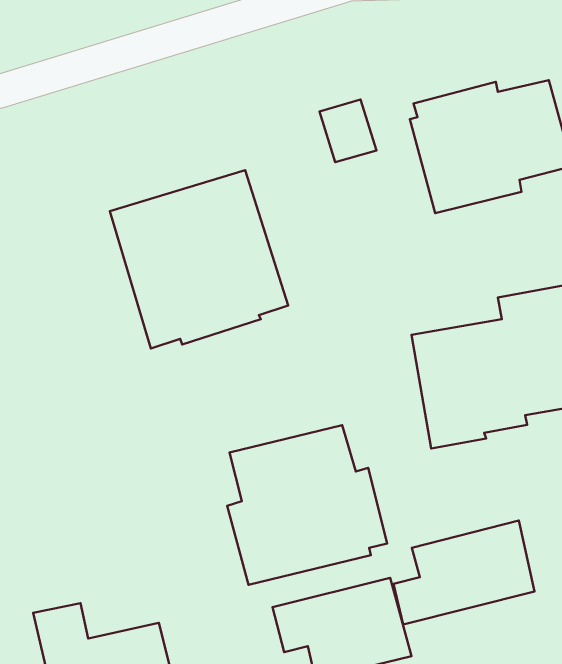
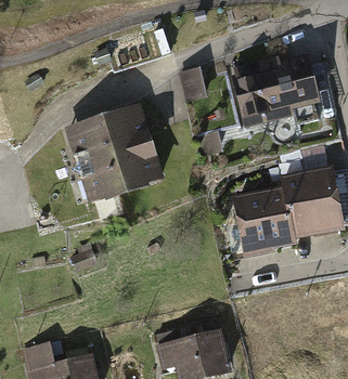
building: [227,425,387,585] -> none
building: [393,520,535,624] -> none

